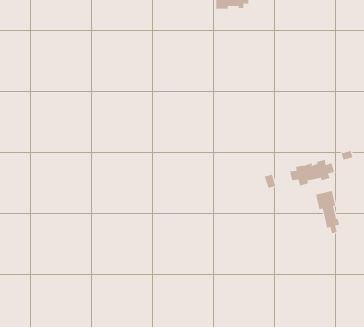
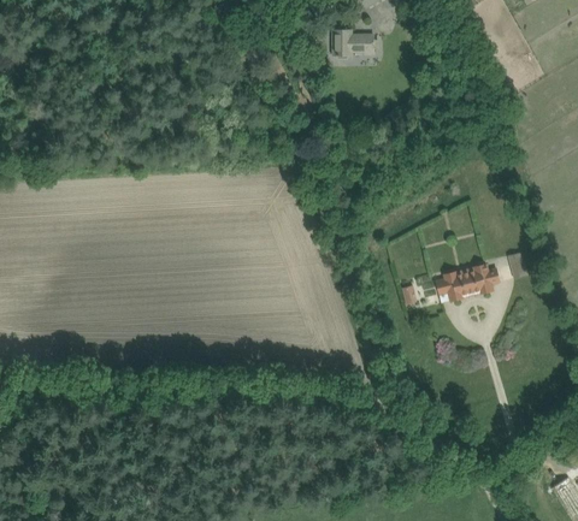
building: [315,190,340,234] -> none

